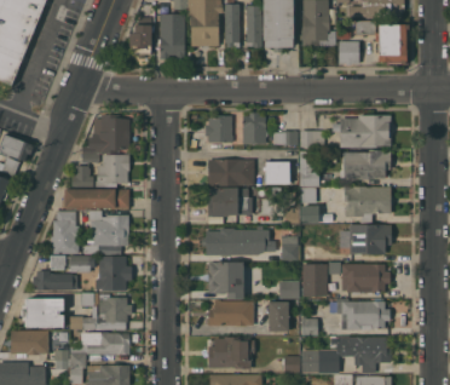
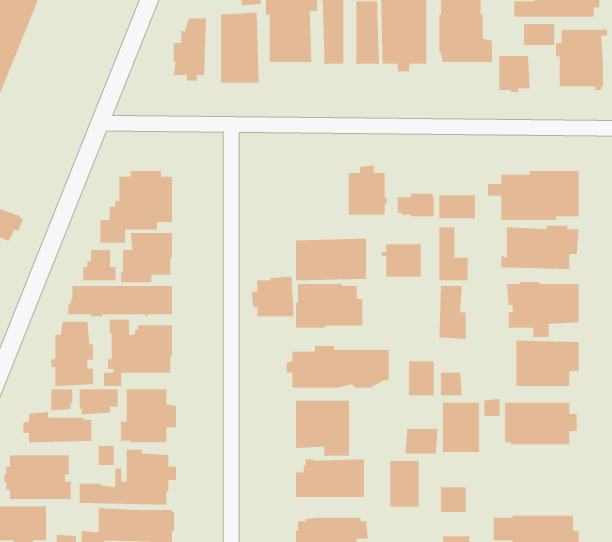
building: [204,115,232,142] -> [251,276,294,317]
building: [336,301,390,329] -> none

